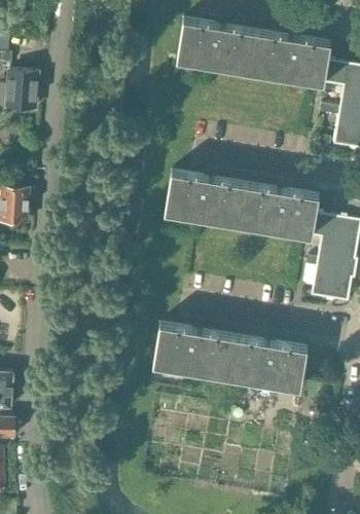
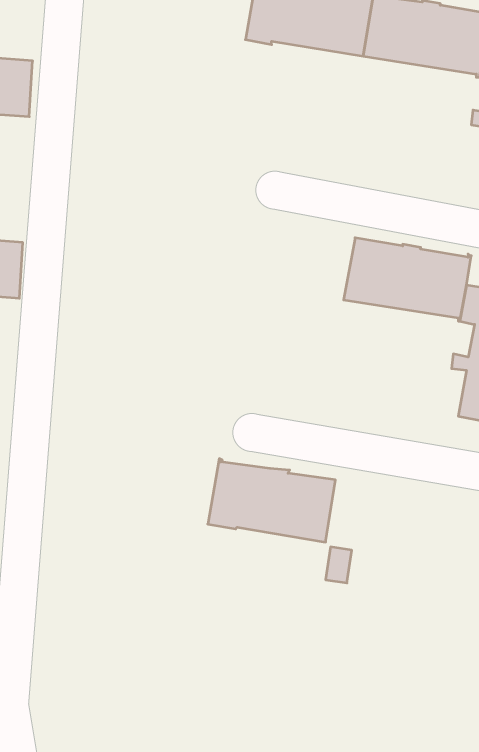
building: [166,171,246,223] -> none
building: [227,336,308,389] -> none

